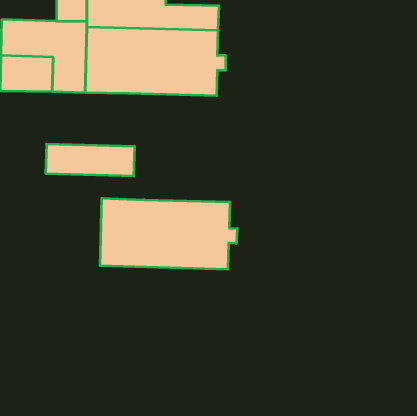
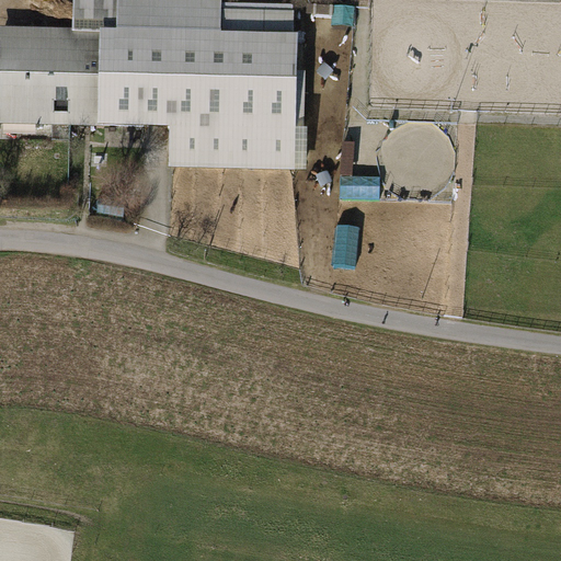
building: [46,144,135,176] -> [171,125,290,168]
building: [100,198,237,269] -> none

